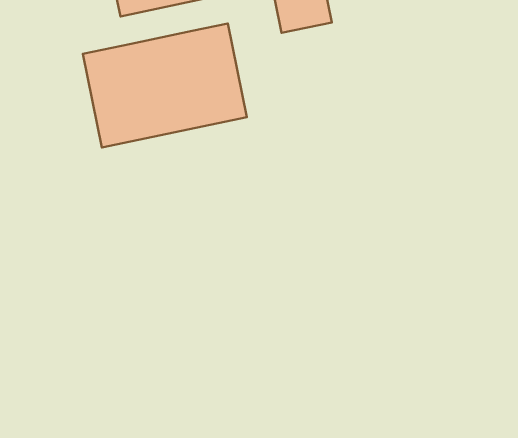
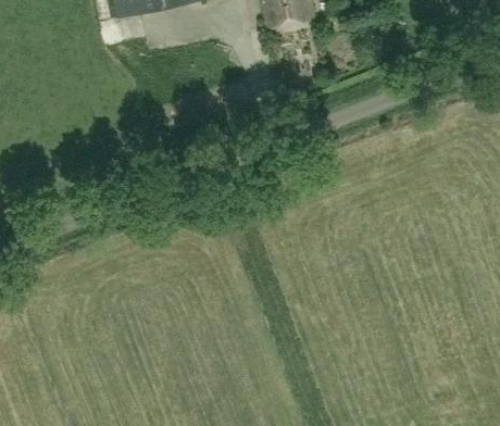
building: [83,23,247,148] -> none

